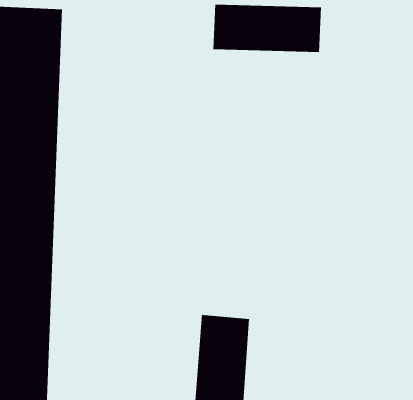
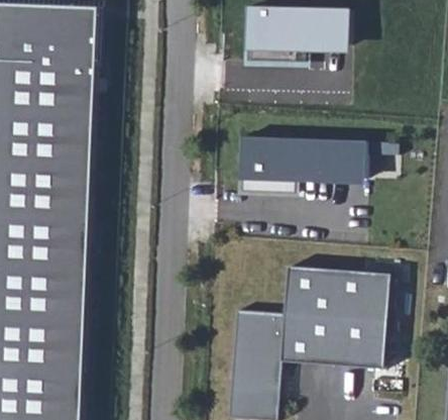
building: none -> [233,139,362,200]
building: none -> [278,265,384,368]

